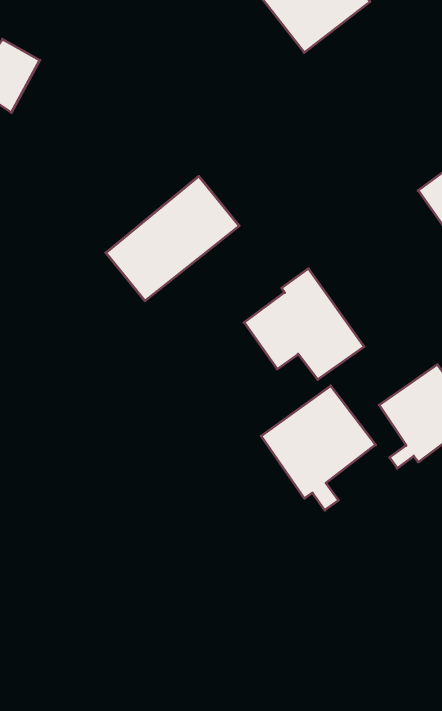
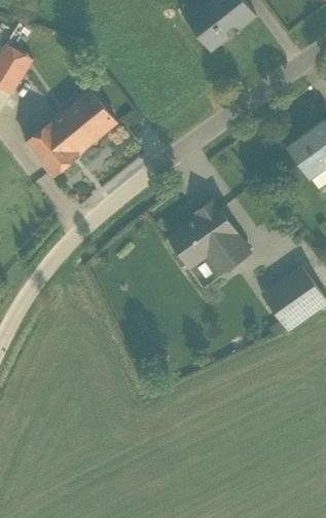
building: [106,176,239,301] -> [25,89,116,175]
building: [261,386,376,510] -> none

